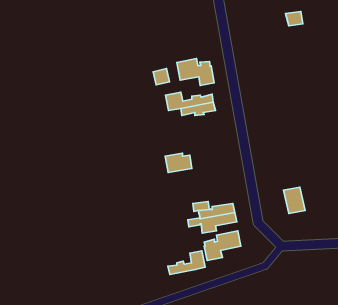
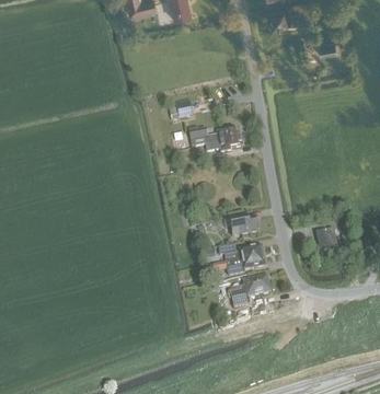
building: [177,59,214,85] -> none
building: [165,153,192,172] -> [229,215,257,235]
building: [168,251,205,275] -> none

